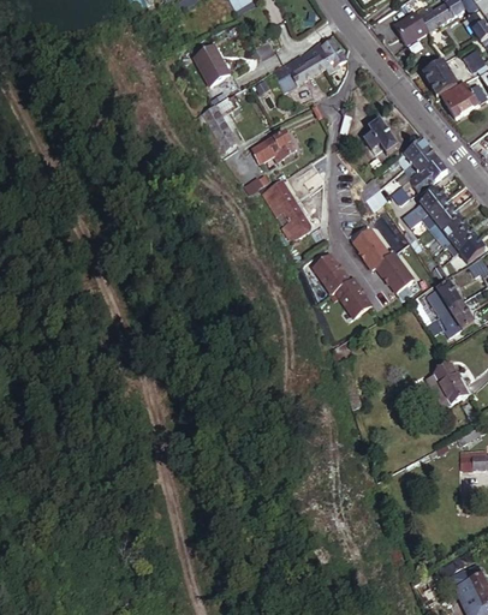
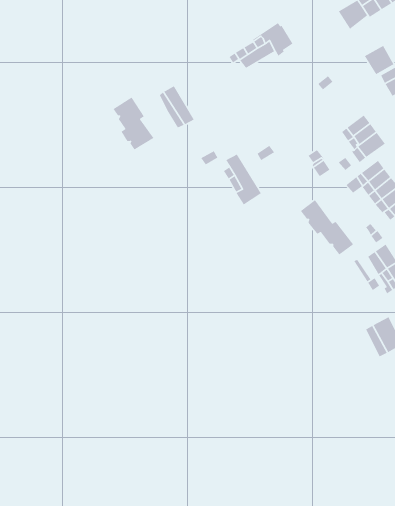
building: [195,46,231,86] -> none
building: none -> [113,96,155,150]
building: [364,118,398,153] -> none
building: [252,131,294,160] -> none
building: [313,255,373,317] -> none

